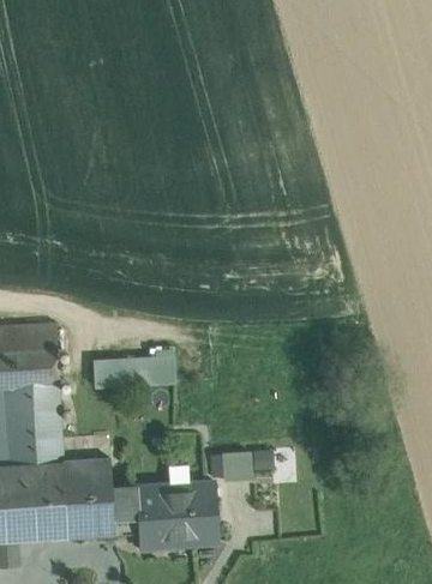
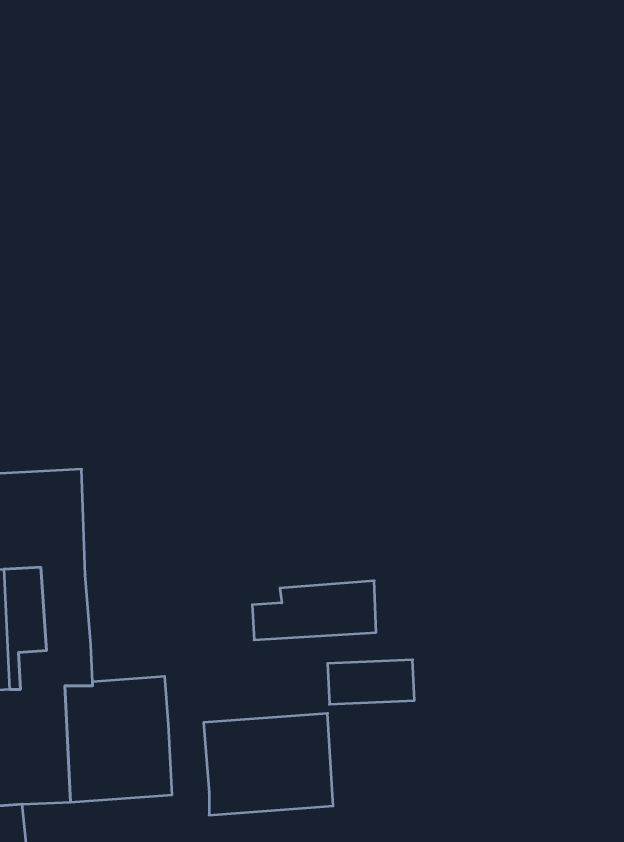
building: [92,348,173,386] -> [252,581,376,640]
building: [110,488,137,535] -> none

